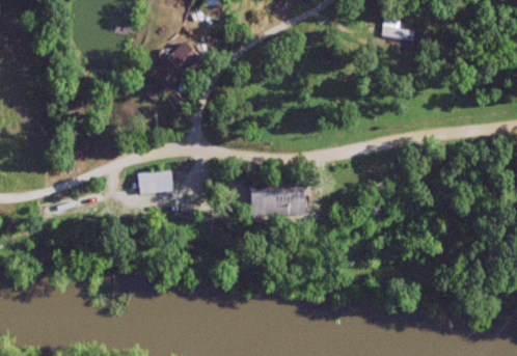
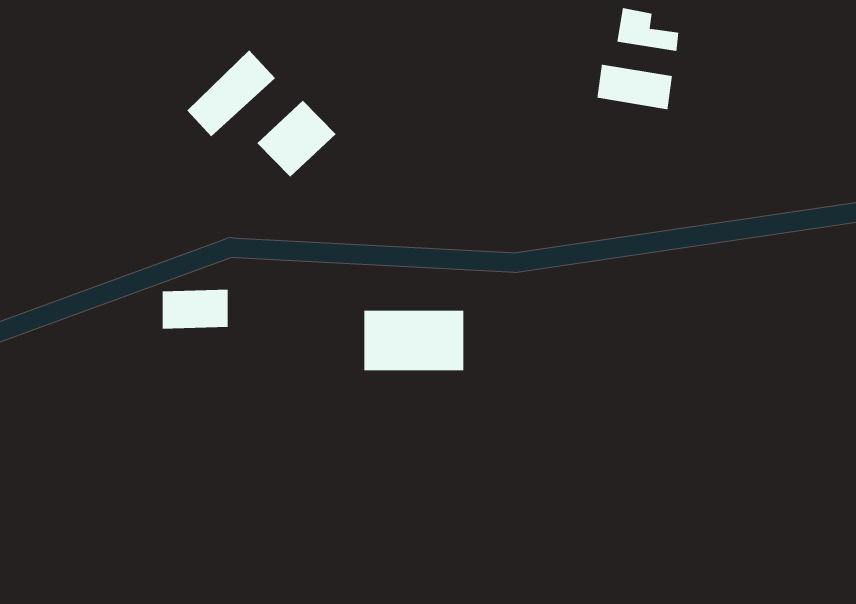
building: none -> [597,64,673,110]
building: none -> [257,100,336,178]

